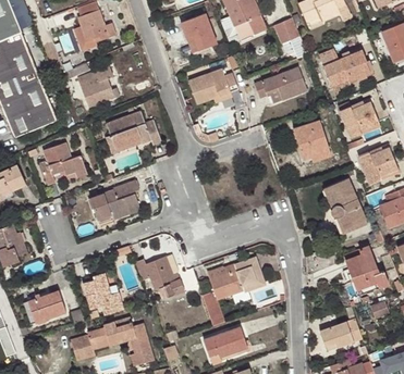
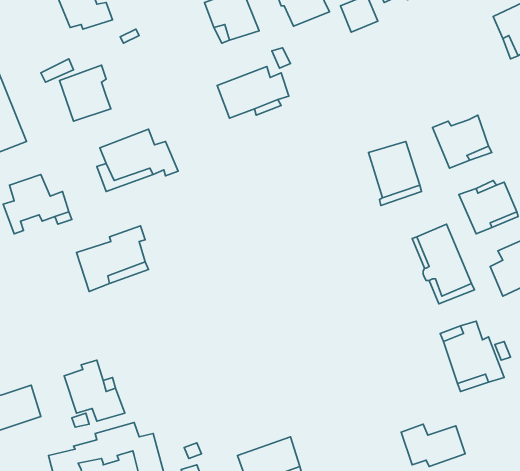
building: [321,51,370,87] -> none
building: [254,66,306,102] -> none
building: [135,257,183,296] -> none
building: [201,257,266,326] -> none

